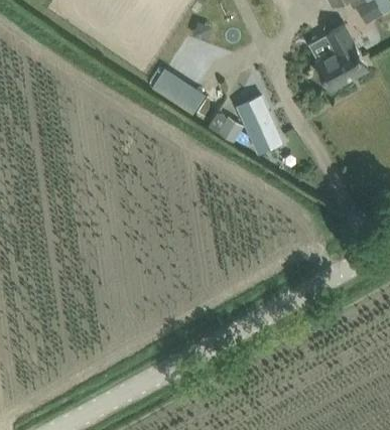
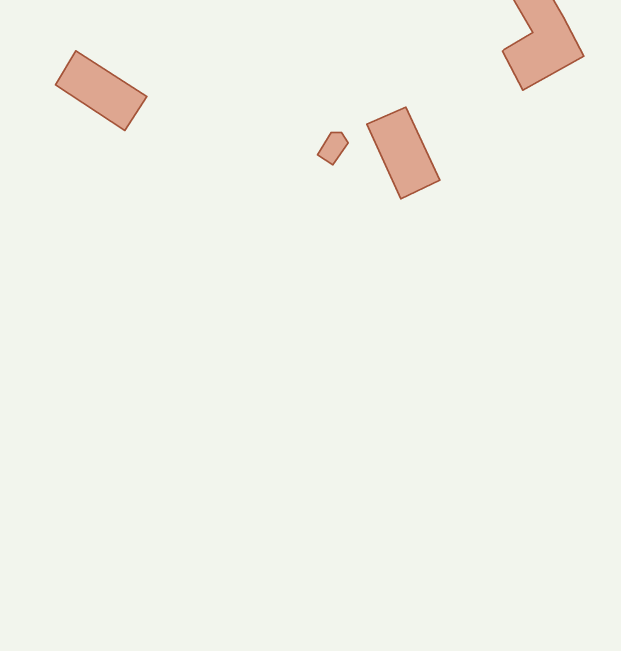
building: [153,67,208,115] -> [55,51,147,131]

